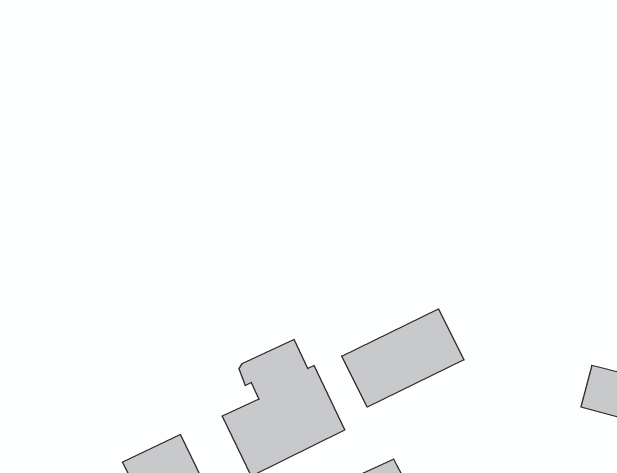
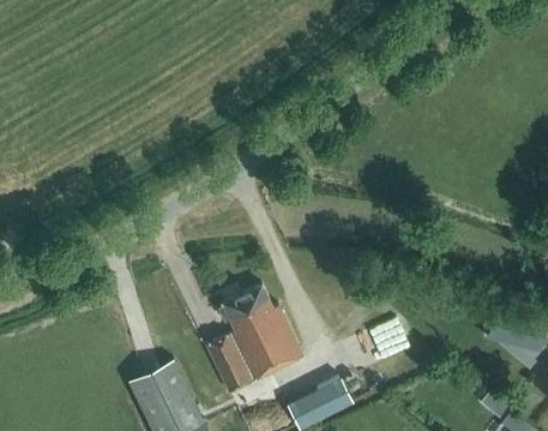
building: [342,309,464,407] -> none

